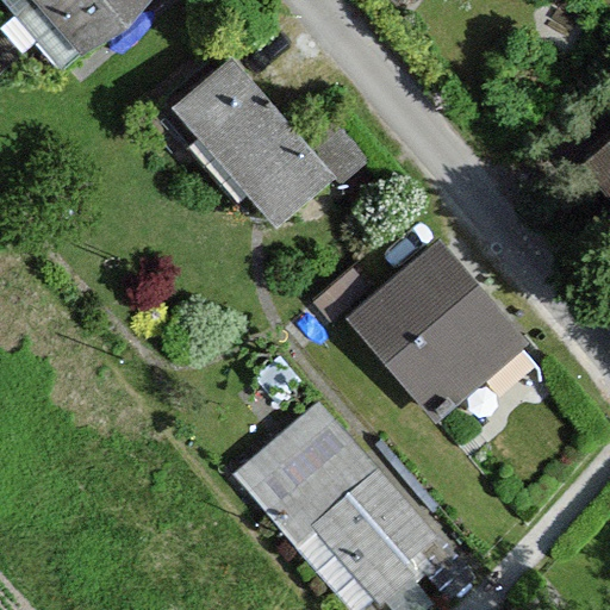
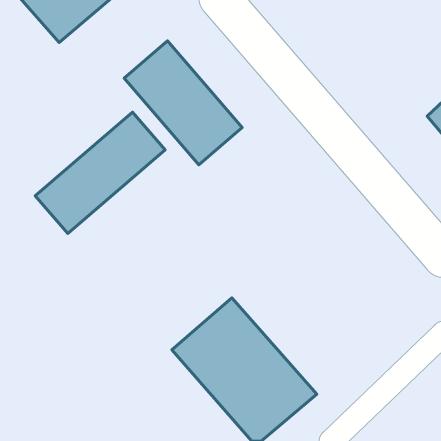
building: none -> [35,112,165,234]
building: [347,244,512,410] -> none

